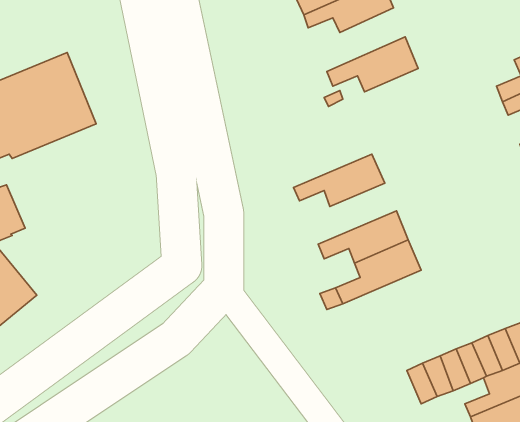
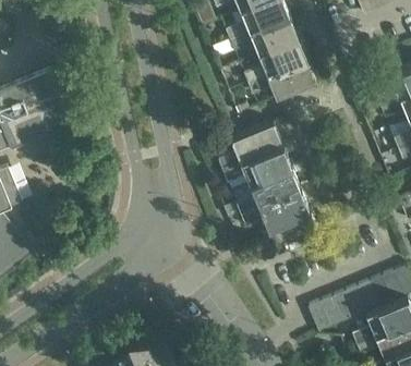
building: none -> [243,32,306,80]
building: none -> [218,119,281,167]
building: none -> [235,163,300,209]

